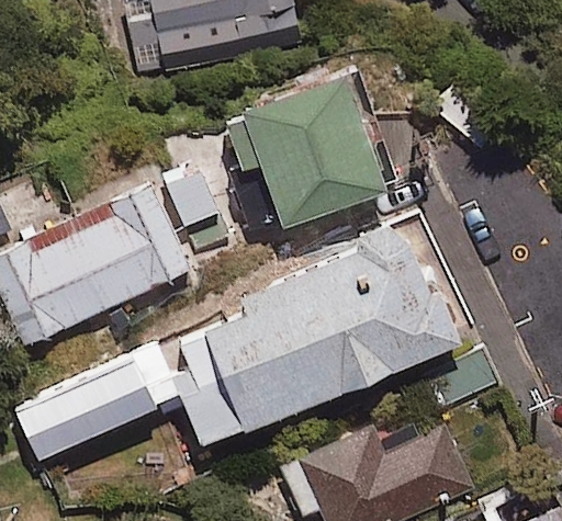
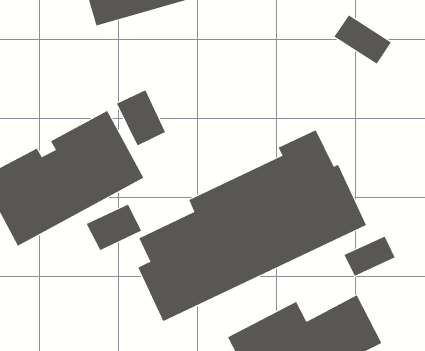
building: [226,72,385,228] -> none
building: [18,360,155,458] -> none

